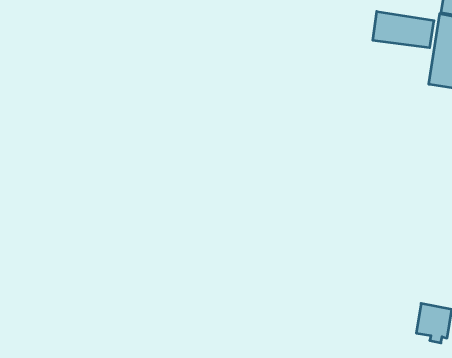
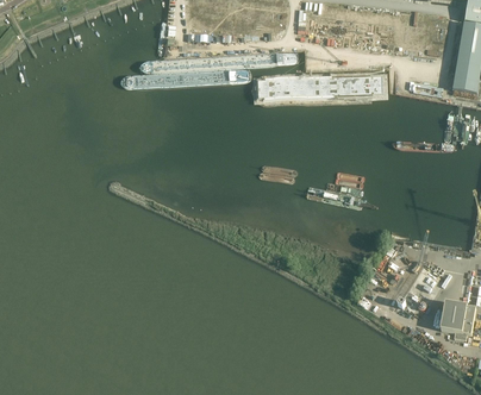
building: [373,11,434,48] -> none

